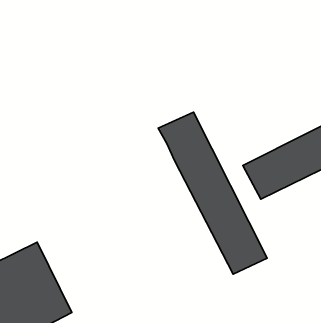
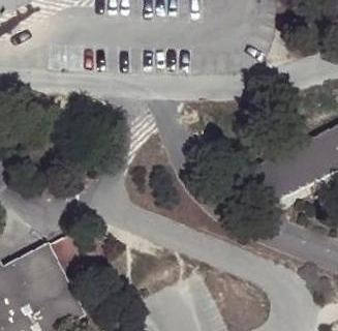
building: [158,112,267,274] -> none

